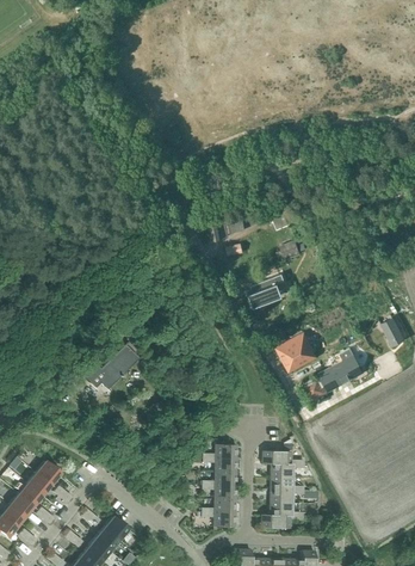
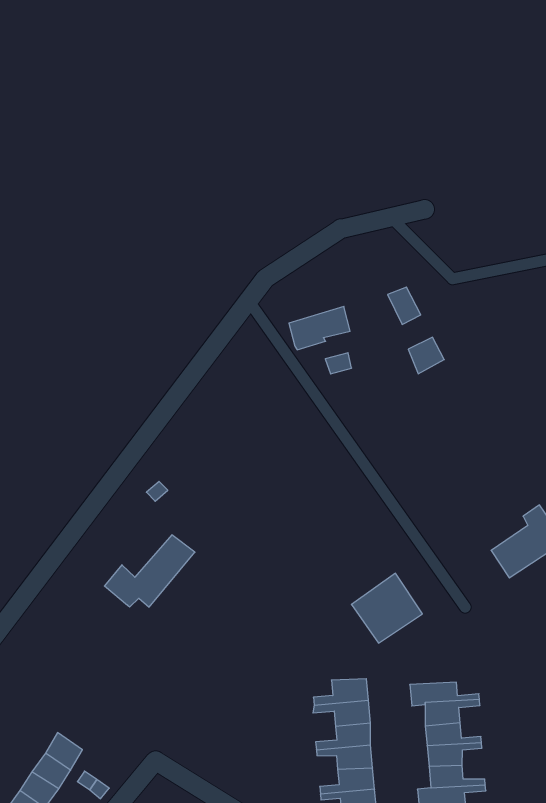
building: [249,273,286,308] -> none
building: [277,331,320,373] -> [351,573,422,643]

